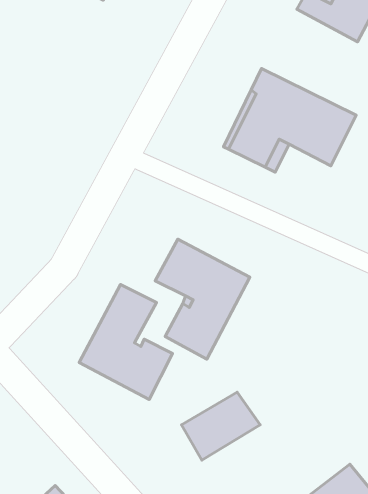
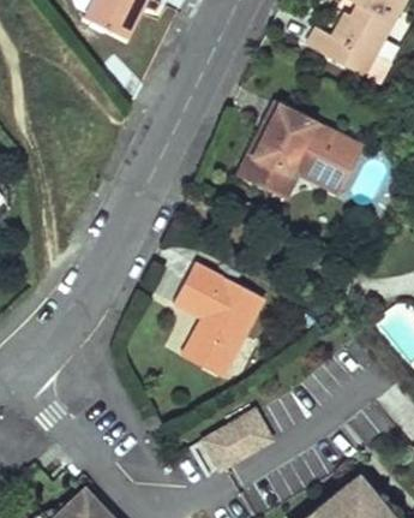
building: [79,284,173,399] -> none

